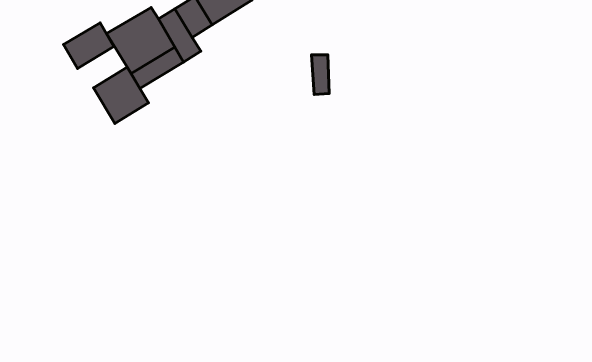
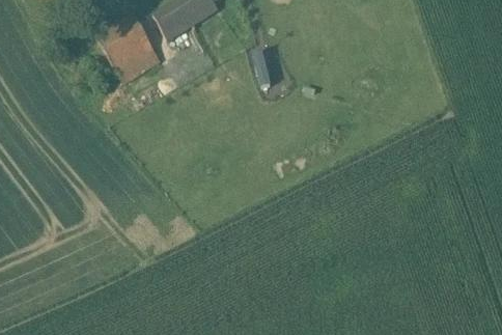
building: [64,23,114,68] -> none
building: [94,67,149,123] -> none

